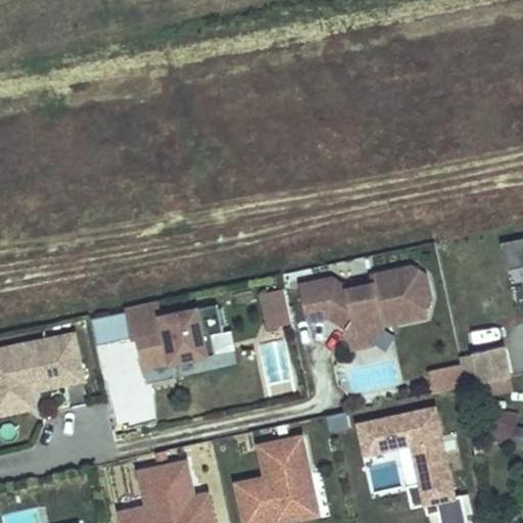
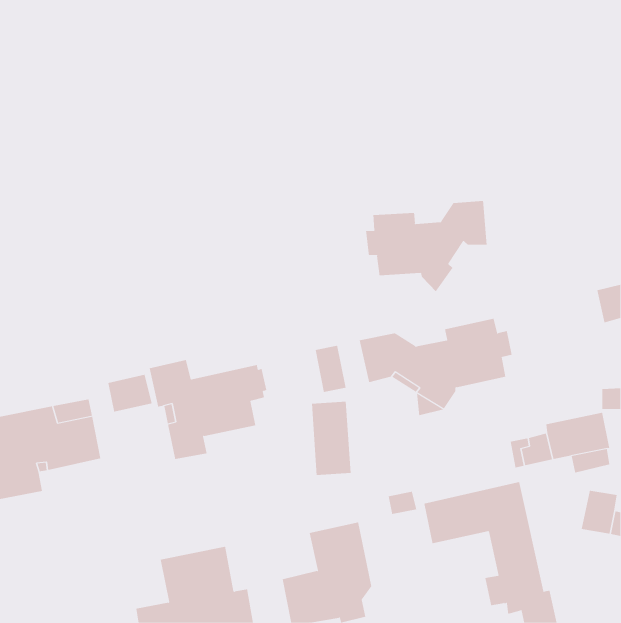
building: none -> [366,200,487,292]

